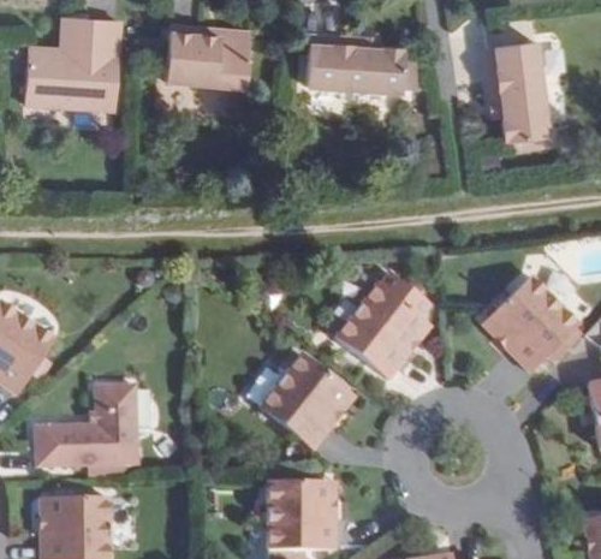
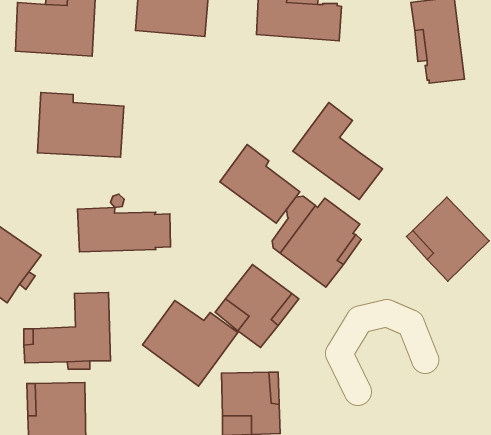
building: none -> [38,93,124,157]
building: none -> [293,103,383,200]
building: none -> [220,145,300,223]
building: none -> [78,208,171,252]
building: none -> [143,301,238,386]

